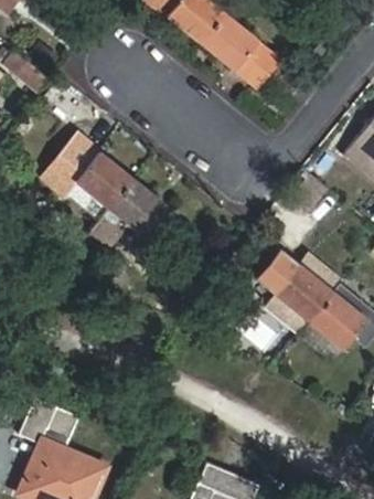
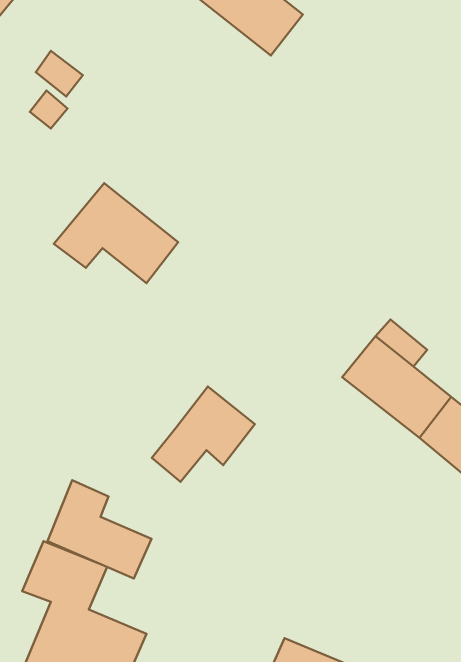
building: [200,13,280,89] -> none
building: [92,179,167,248] -> [152,386,255,482]
building: none -> [47,480,152,579]

